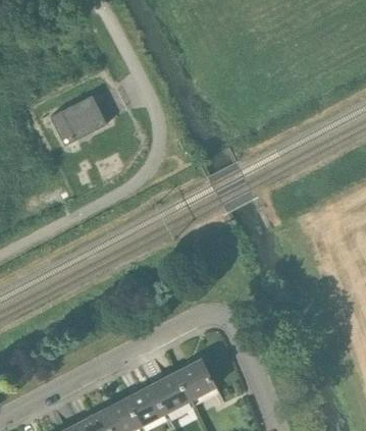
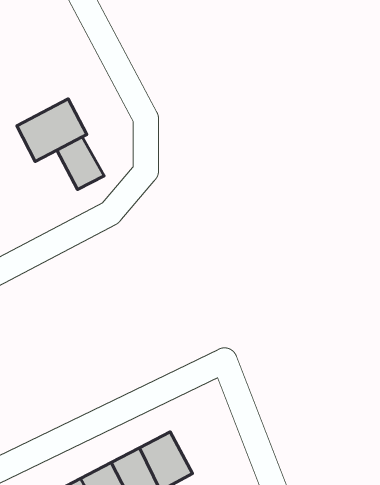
building: none -> [57,137,104,189]
building: [176,359,218,406] -> none

